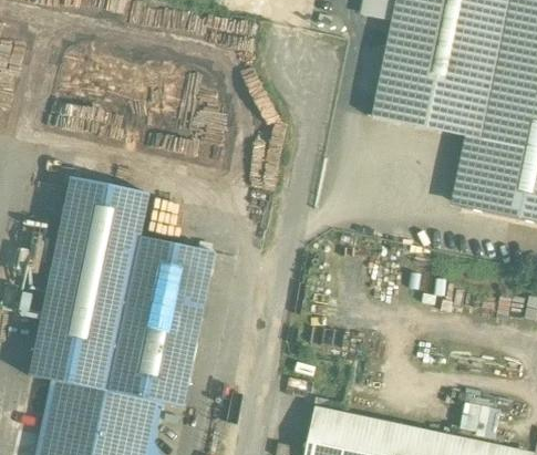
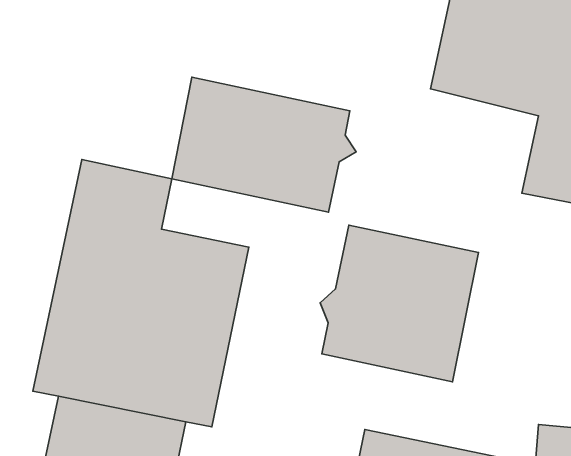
building: none -> [172,77,356,212]
building: none -> [320,225,479,382]

